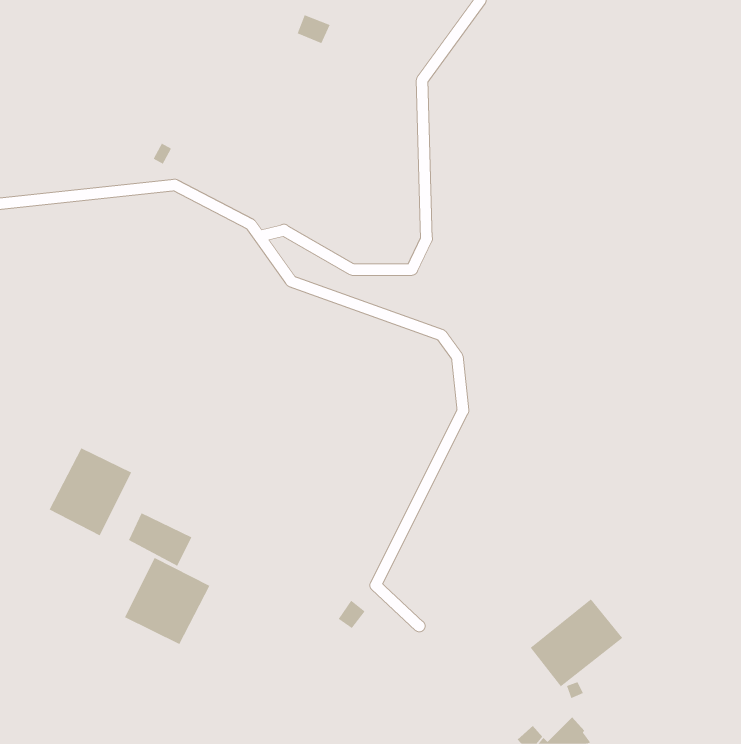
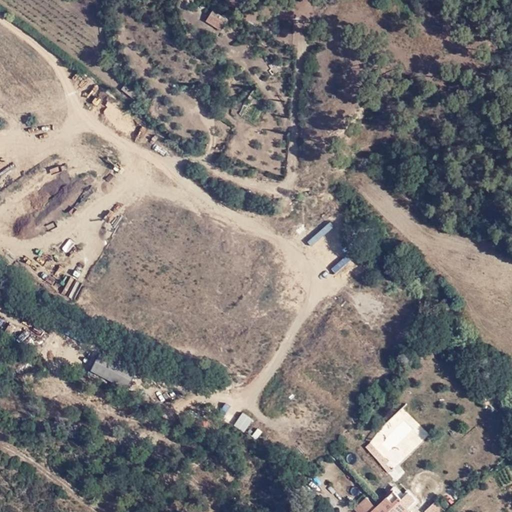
building: [49,447,132,536] -> none
building: [124,557,210,645] -> none

